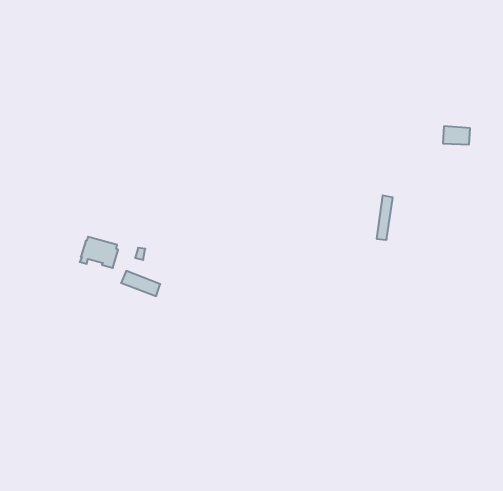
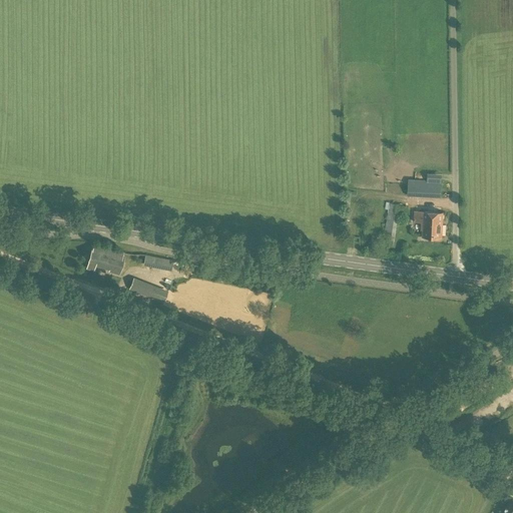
building: [443,126,470,144] -> [413,179,440,197]
building: none -> [414,211,442,237]

